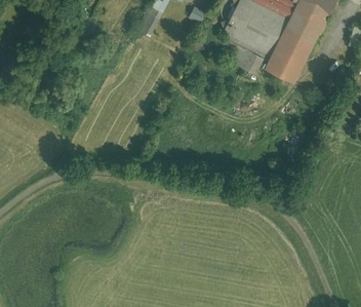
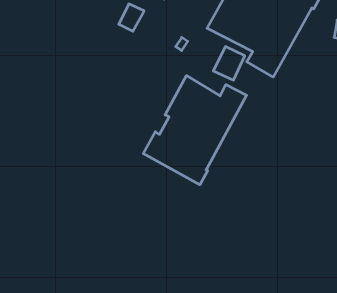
building: none -> [143,76,247,185]

